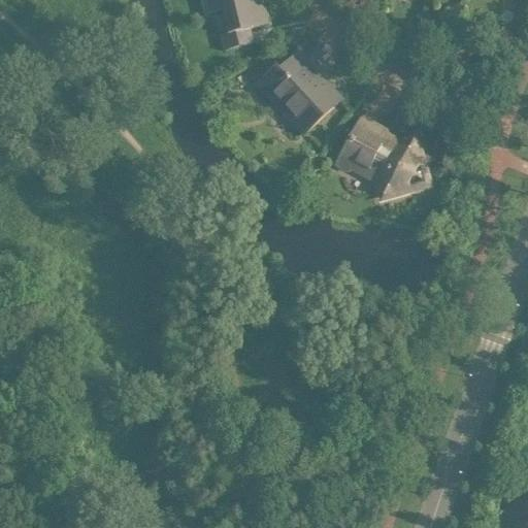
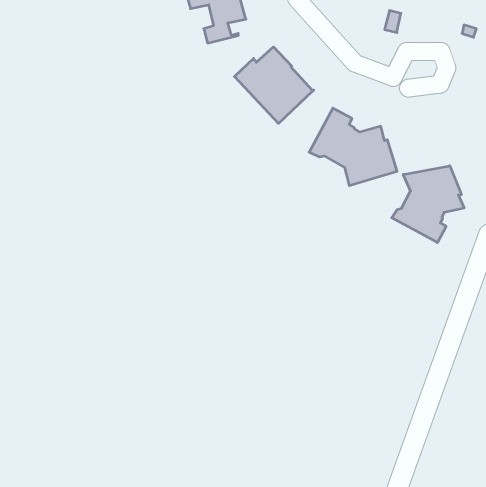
building: none -> [392,166,464,243]

